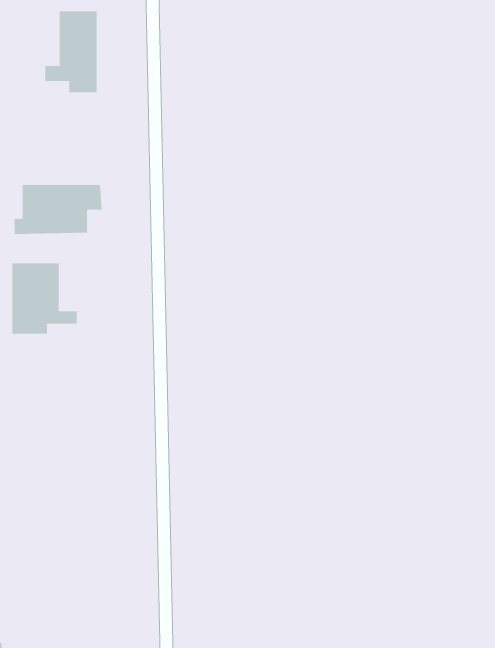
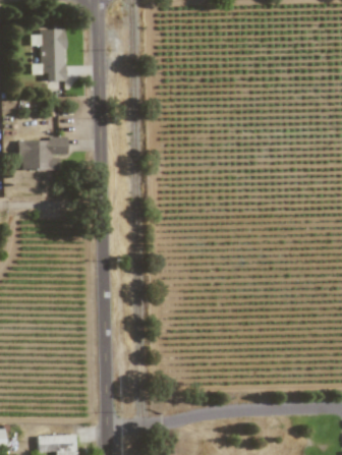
building: [12,262,77,334] -> none

